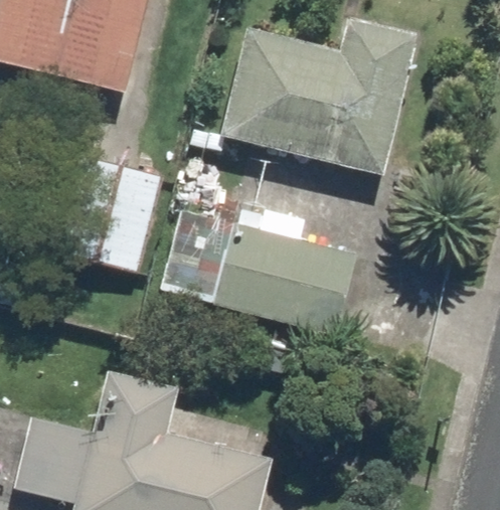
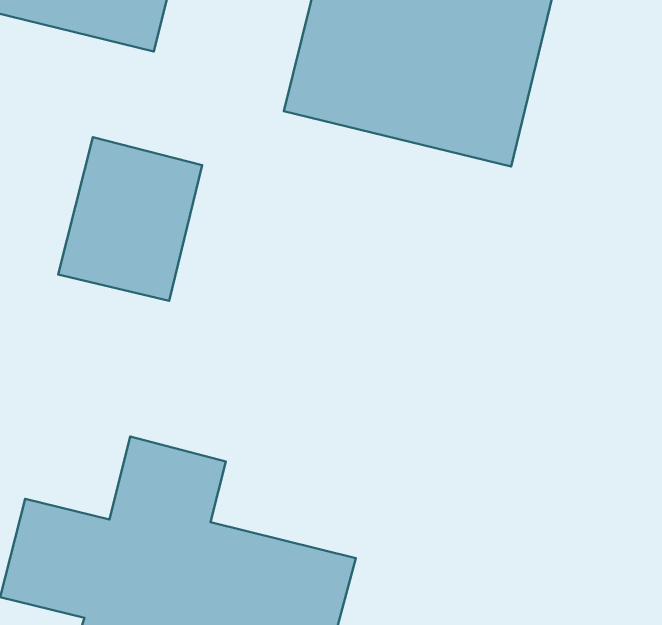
building: [162,212,357,333] -> none

